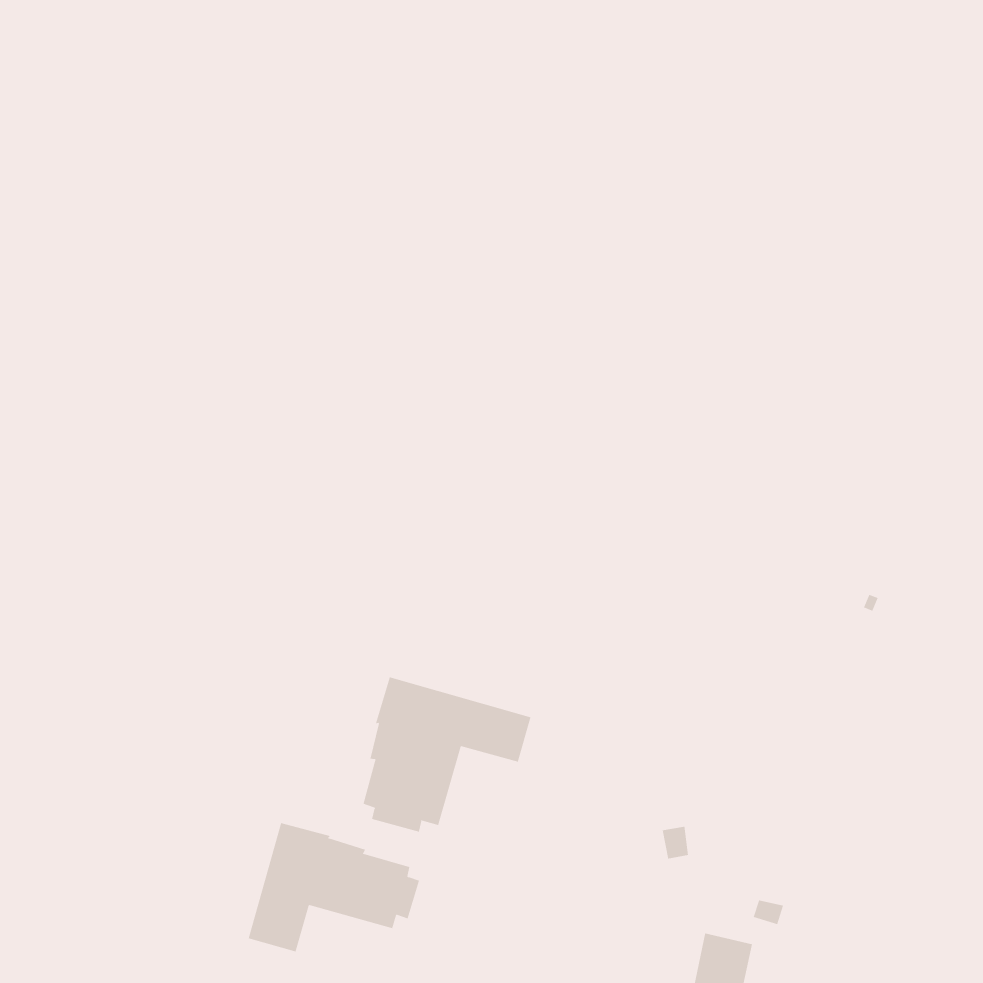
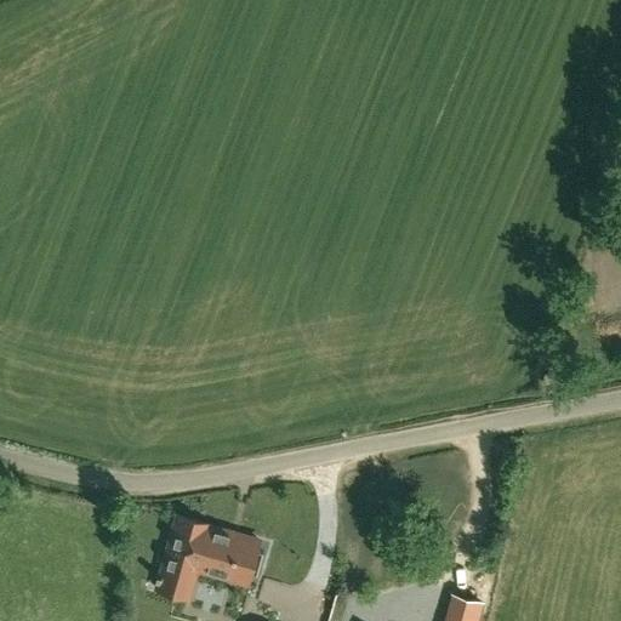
building: [363,677,531,833] -> none

